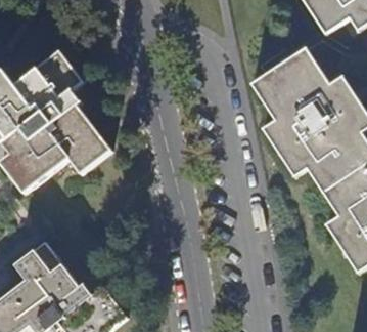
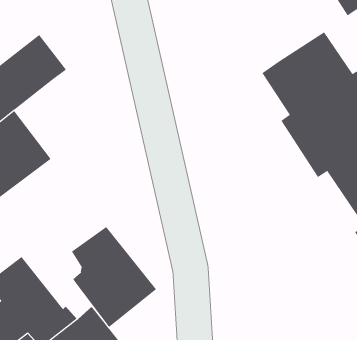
building: [38,89,111,171] -> none
building: none -> [71,226,157,328]

